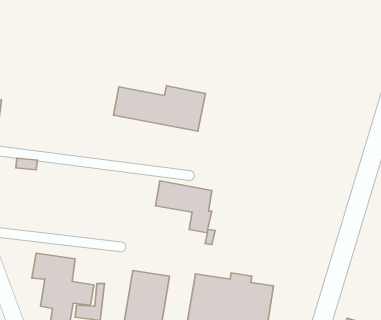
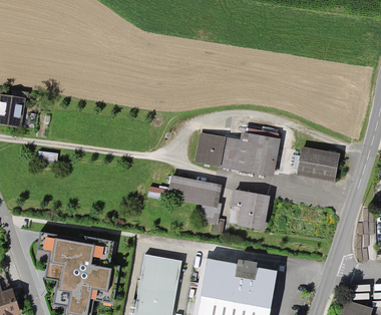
building: [113,86,206,131] -> [194,132,279,175]
building: none -> [296,145,337,178]
building: none -> [231,188,269,230]

